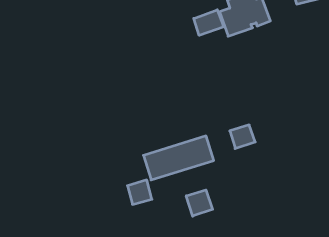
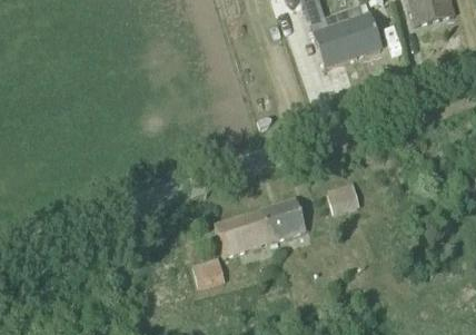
building: [194,10,224,35] -> none
building: [186,190,213,216] -> none

